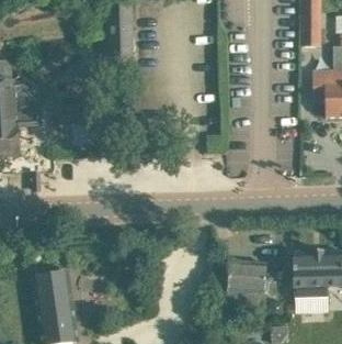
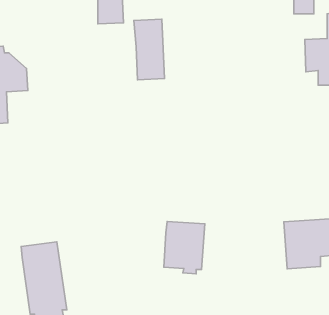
building: none -> [134,19,164,80]
building: [226,259,266,311] -> [164,222,205,274]

